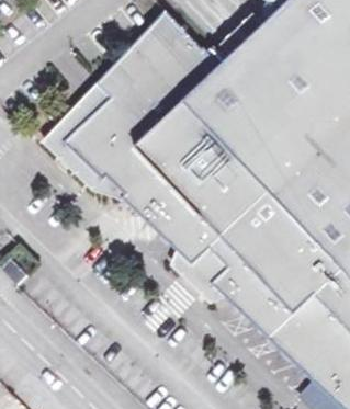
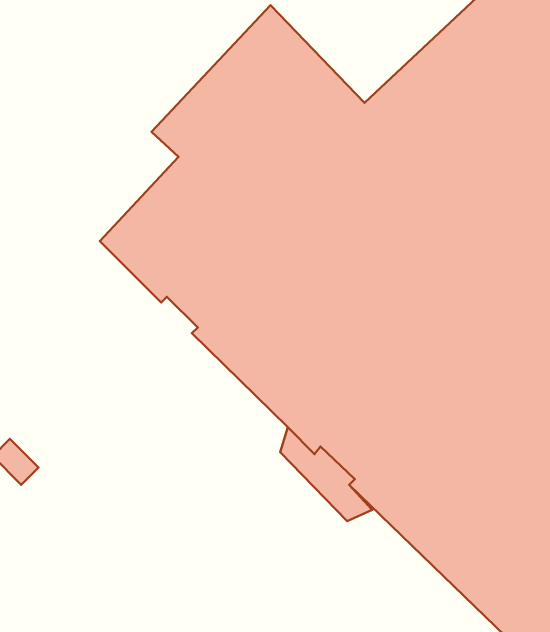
building: [42,81,124,196] -> none

